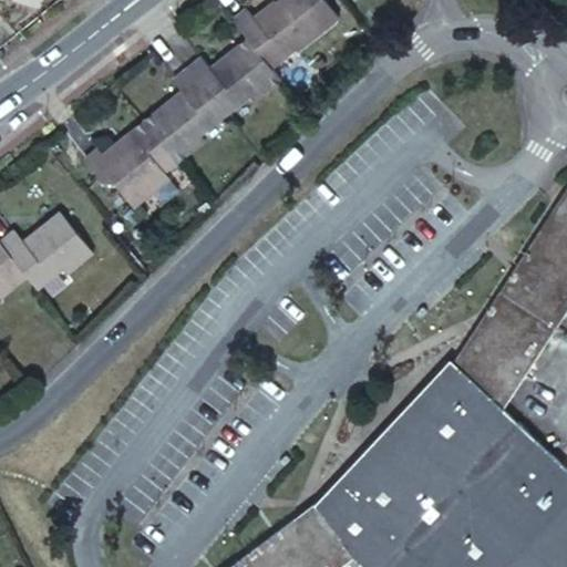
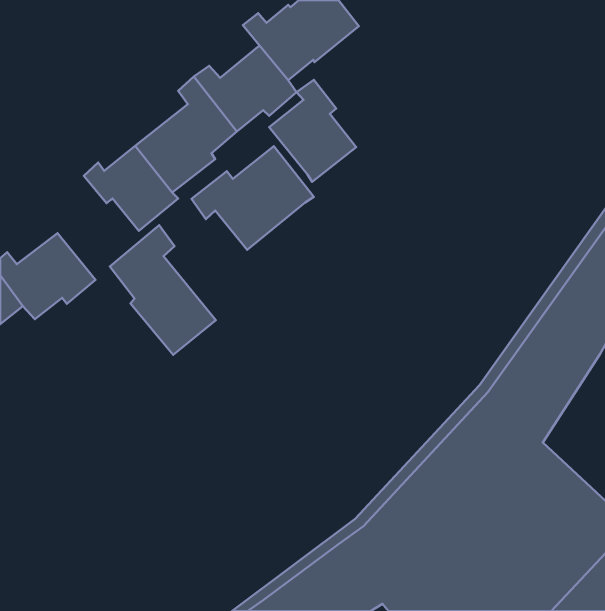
building: none -> [269,80,356,182]
building: none -> [191,146,314,250]
building: none -> [110,225,216,355]

